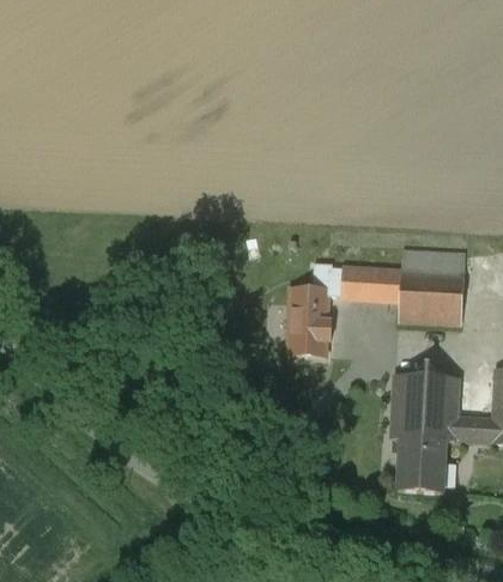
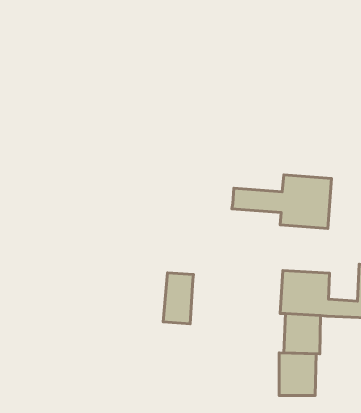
building: [290,285,331,353] -> [163,273,194,324]
building: none -> [279,353,316,396]

